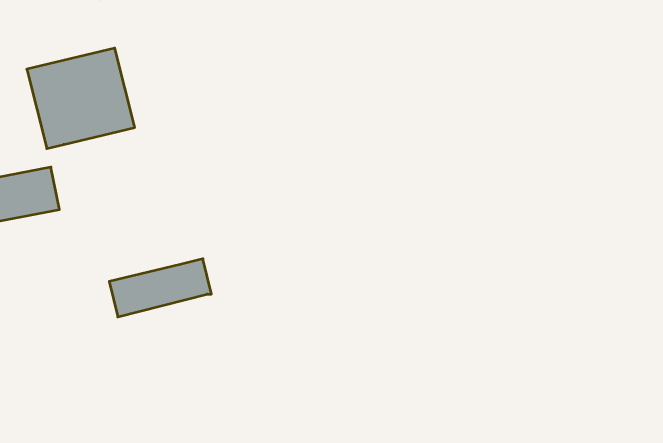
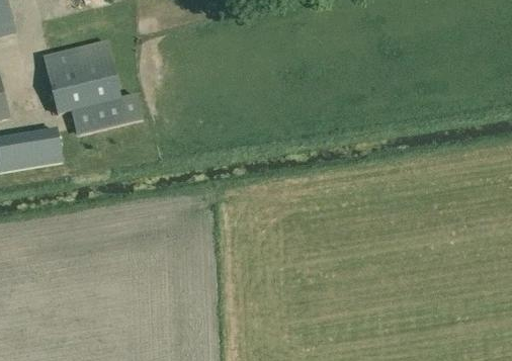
building: [109,259,211,317] -> [70,94,143,136]

